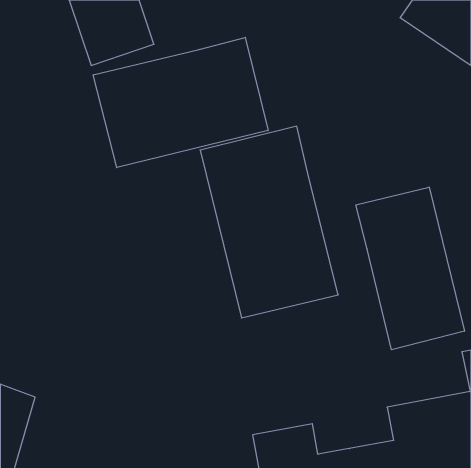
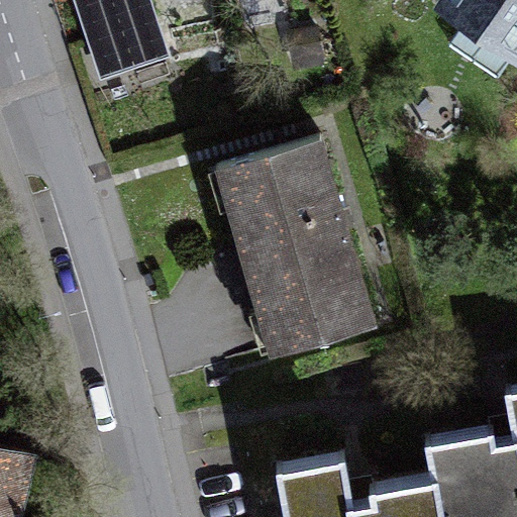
building: [93,37,268,168] -> none
building: [356,187,464,350] -> none

